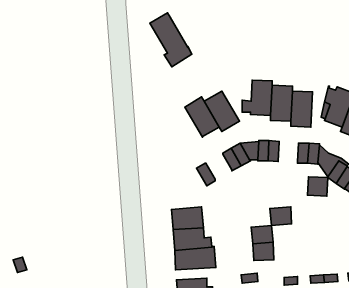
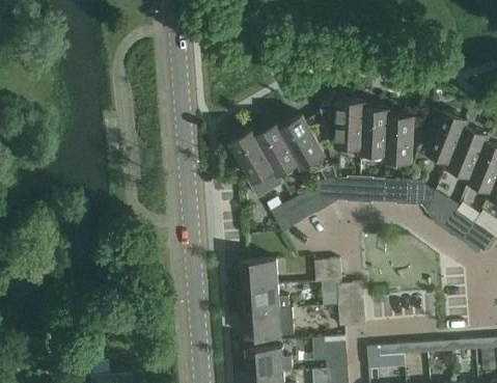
building: [150,13,192,67] -> [231,131,283,197]
building: none -> [282,194,314,225]
building: [308,177,328,196] -> [371,180,396,203]
building: [270,207,292,225] -> [314,259,341,282]

